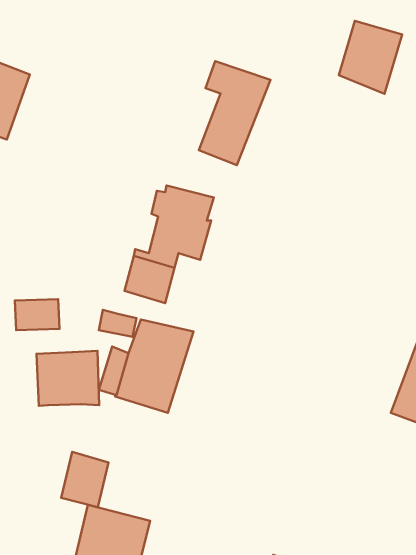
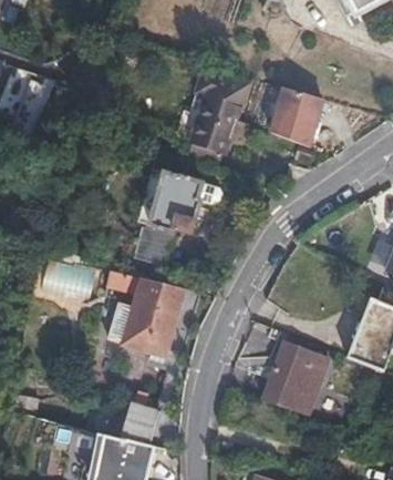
building: [339,21,402,94] -> [270,90,322,150]
building: [36,351,99,406] -> none
building: none -> [262,343,327,416]
building: [61,452,109,507] -> [121,401,159,447]

